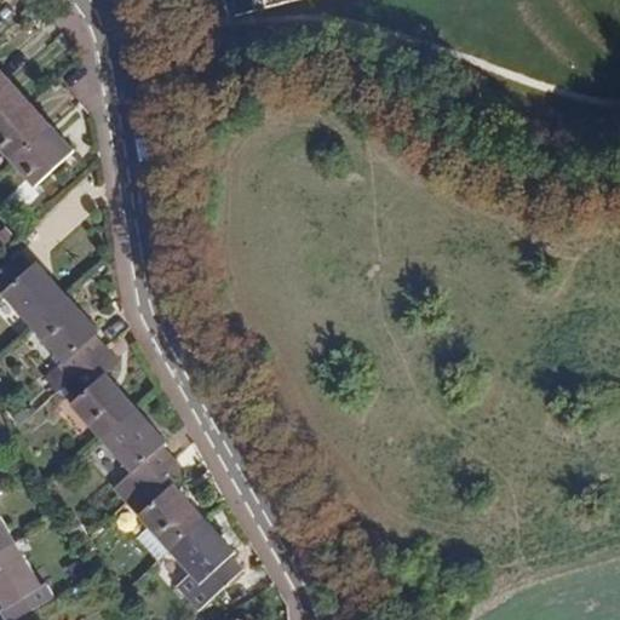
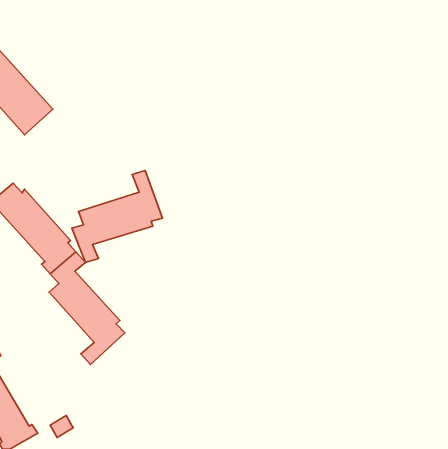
building: none -> [72,171,163,262]
building: [125,458,240,601] -> none

